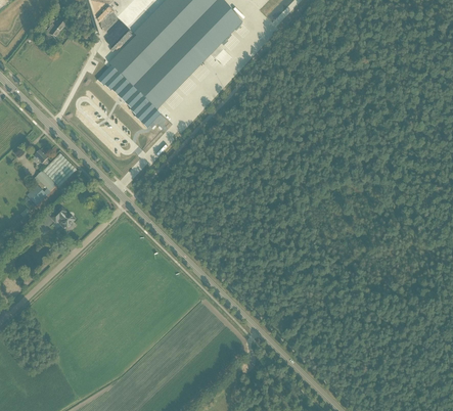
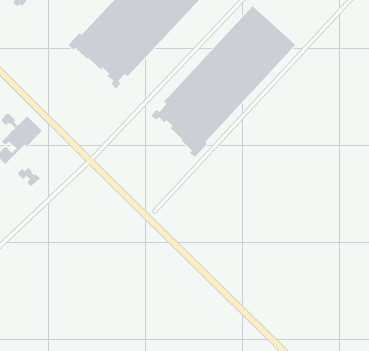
building: none -> [150,6,296,158]

